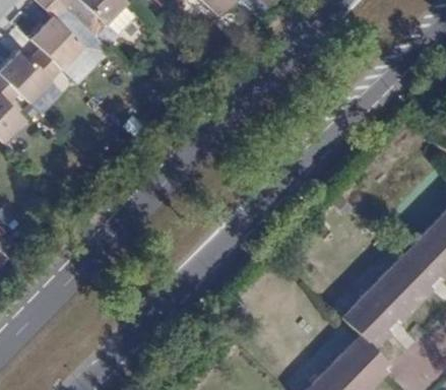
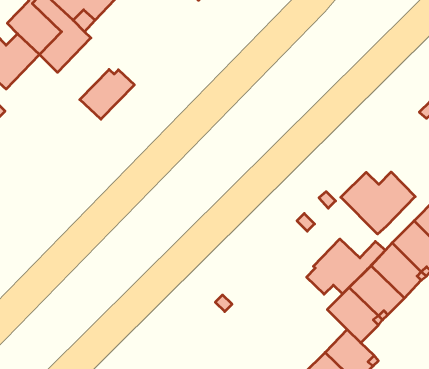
building: none -> [80,69,134,119]
building: none -> [341,172,415,234]
building: none -> [307,239,385,294]

